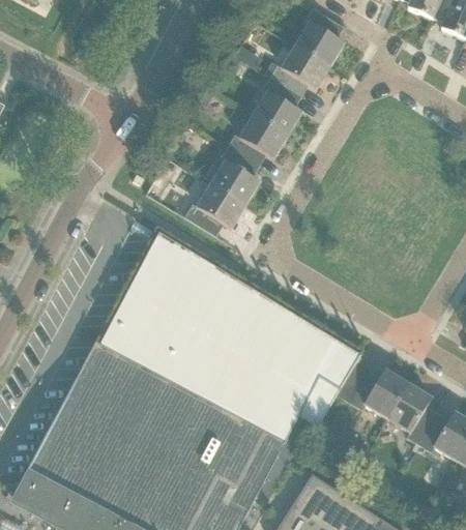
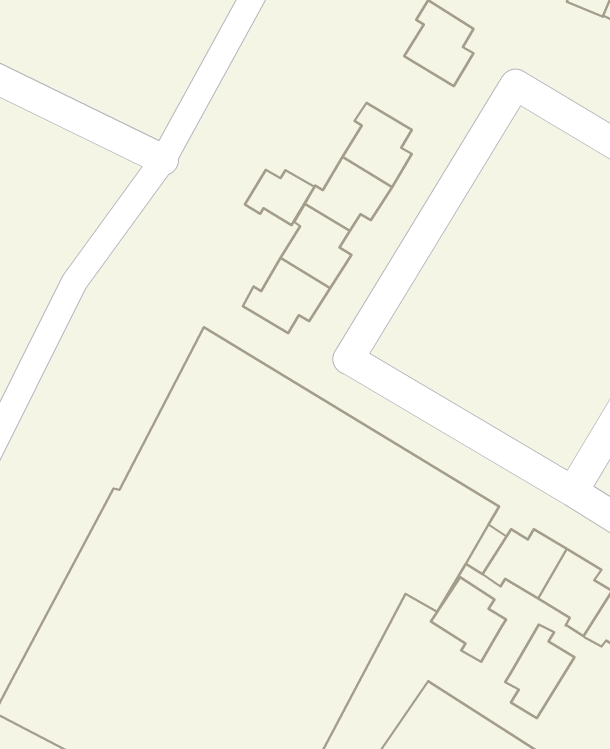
building: [269,46,329,96] -> none
building: none -> [245,170,314,225]
building: none -> [431,577,506,662]
building: none -> [505,624,575,718]

